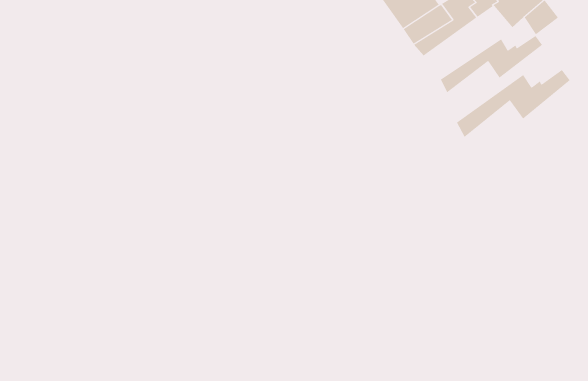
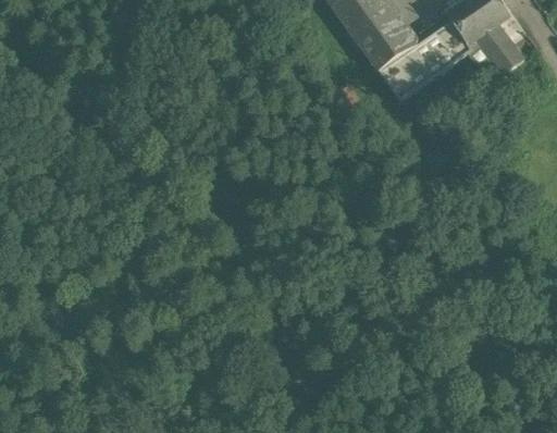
building: [440,35,543,93] -> none
building: [456,69,571,138] -> none

